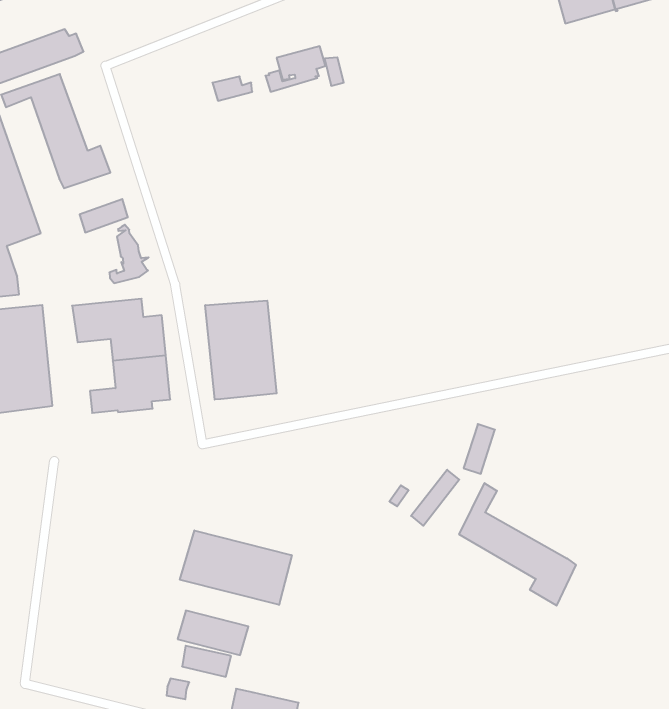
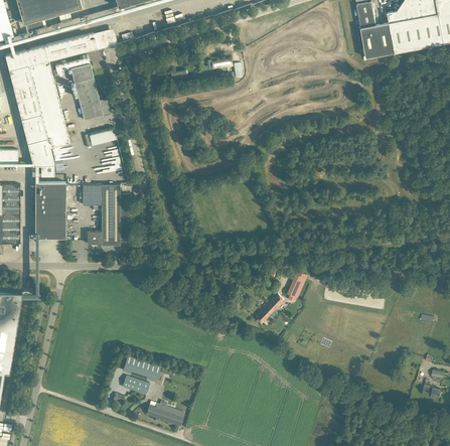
building: [205,301,277,400] -> none
building: [459,483,576,606] -> none
building: [180,530,292,605] -> none

